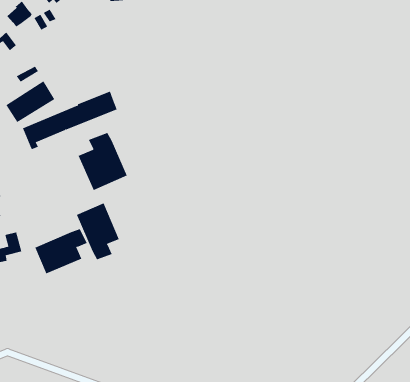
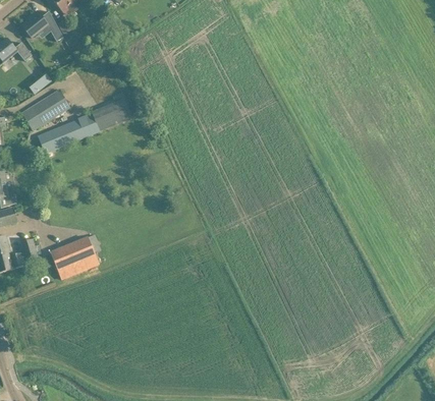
building: [78,132,128,191] -> none
building: [76,202,120,260] -> none

